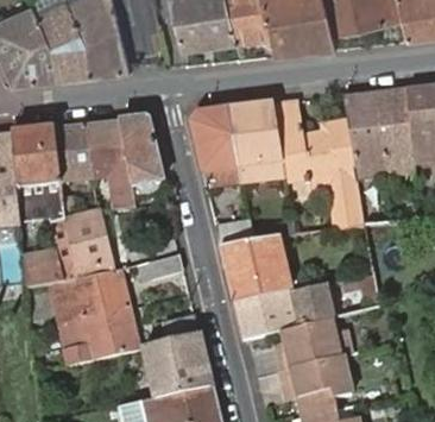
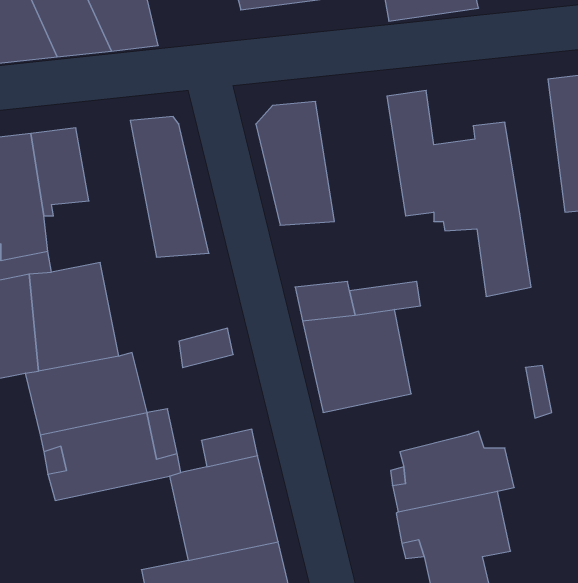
building: [346,94,389,179] -> none
building: [231,105,288,184] -> none
building: [78,120,130,208] -> none
building: [235,288,327,341] -> none

